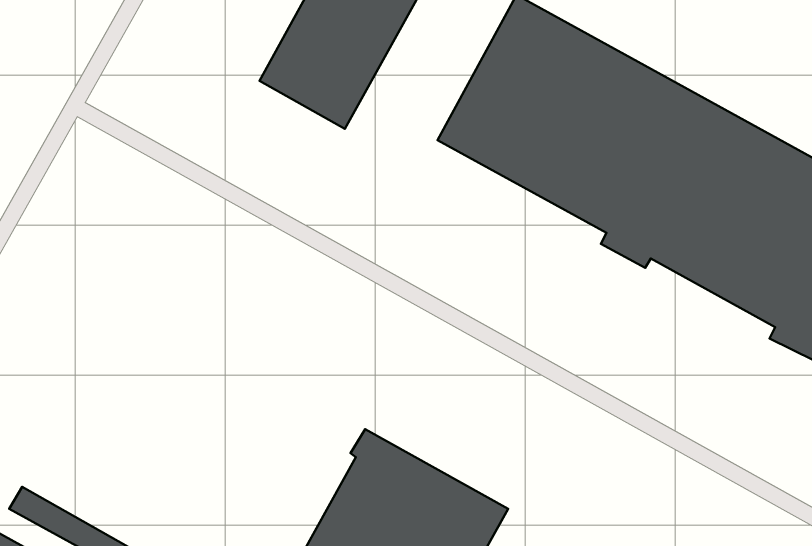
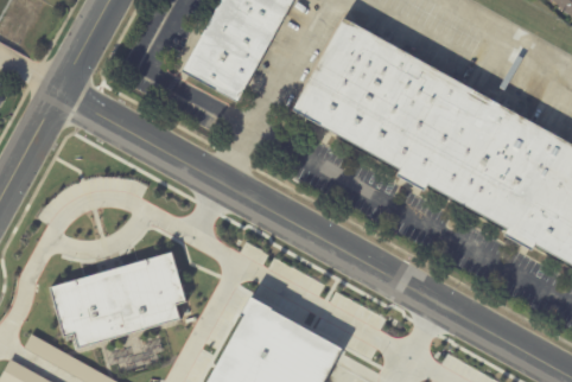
building: none -> [49,253,185,349]

